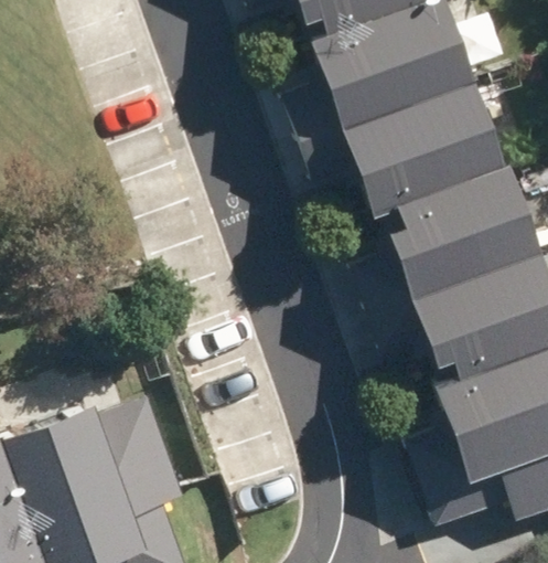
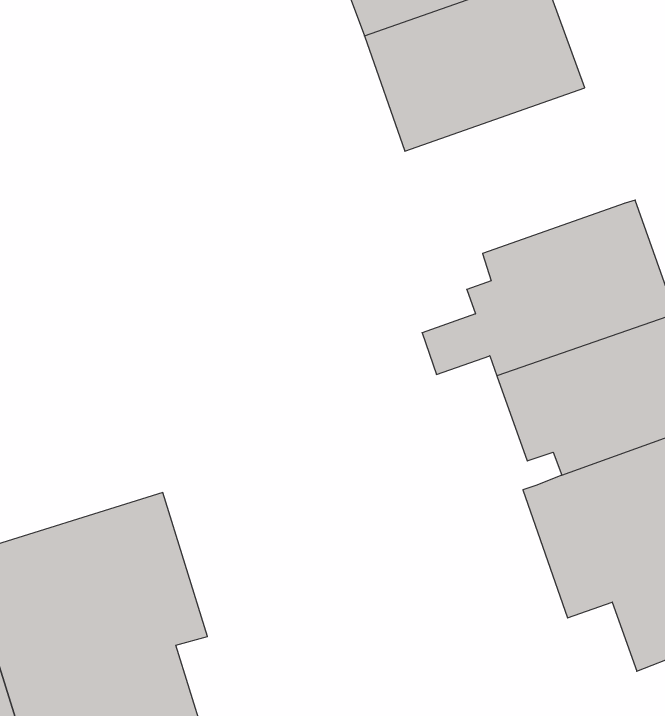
building: [336,78,505,215] -> none

